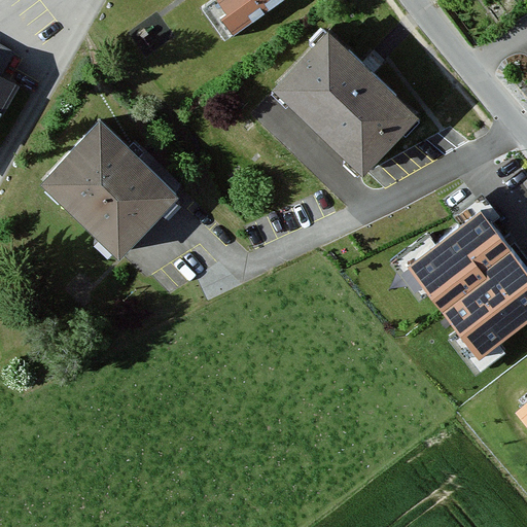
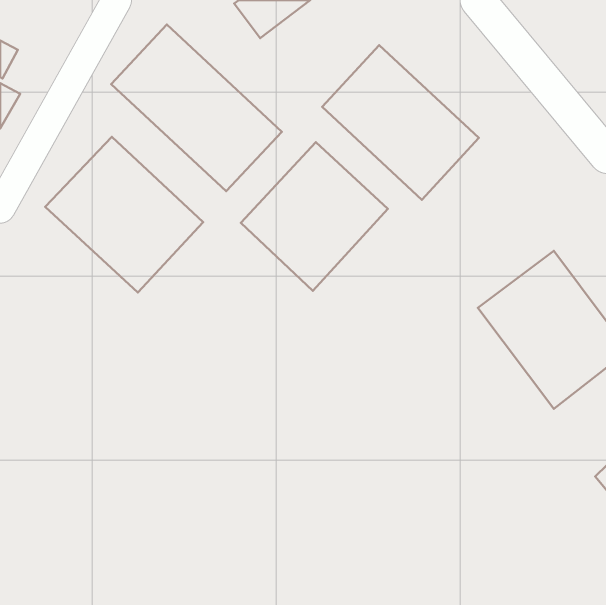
building: none -> [111,25,282,191]
building: none -> [241,142,388,291]

